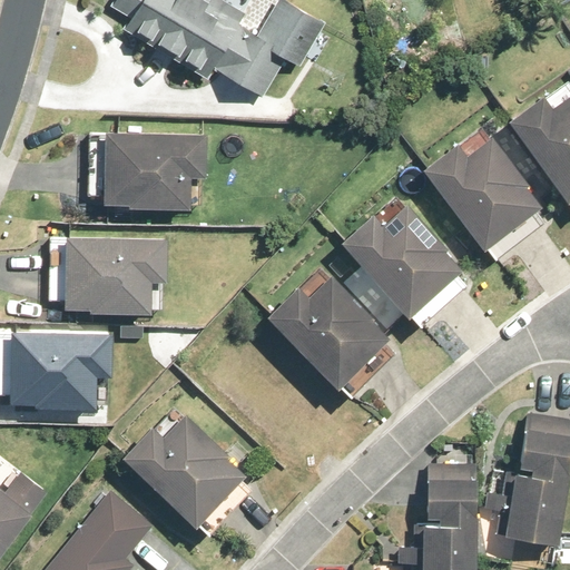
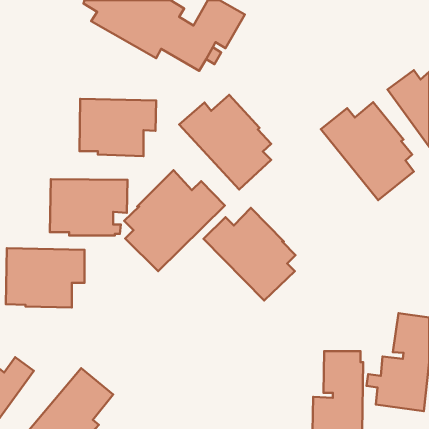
building: [341,204,462,328] -> [179,95,271,189]
building: none -> [124,170,225,271]
building: [122,413,247,538] -> none

